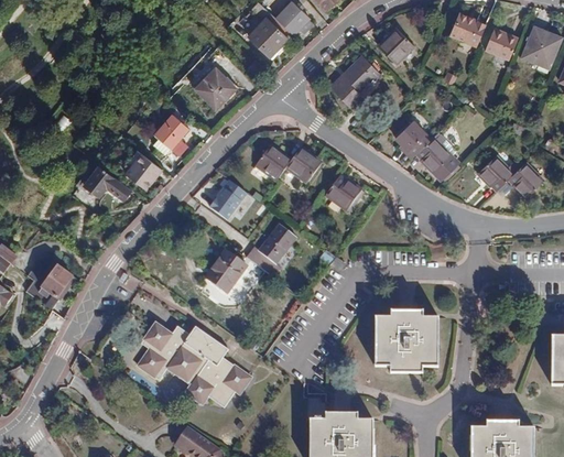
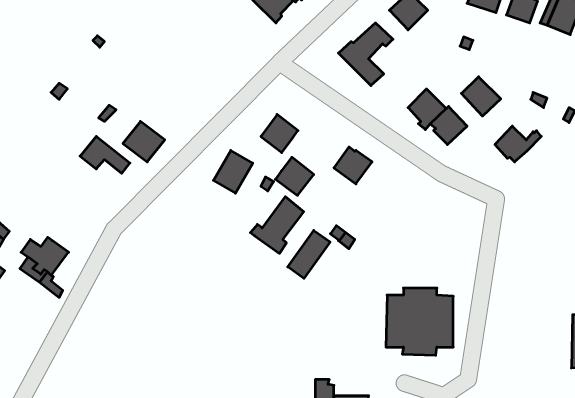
building: [196,67,236,108] -> none
building: none -> [461,77,501,116]
building: [153,113,188,154] -> none
building: [285,146,322,183] -> [275,157,314,195]
building: [509,162,544,198] -> none
building: [205,250,247,292] -> none
building: none -> [288,230,330,278]
building: [138,320,252,406] -> none

